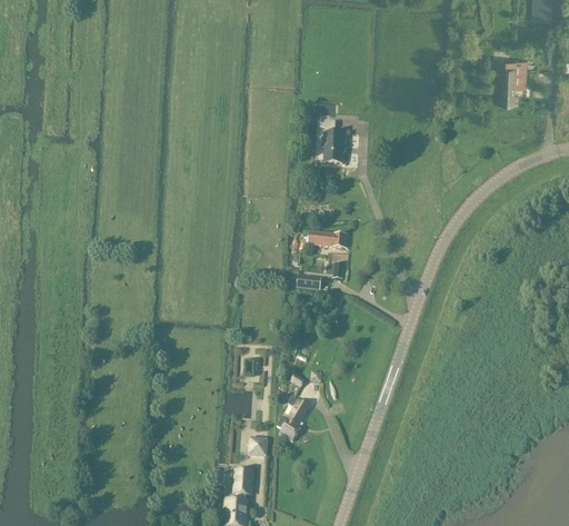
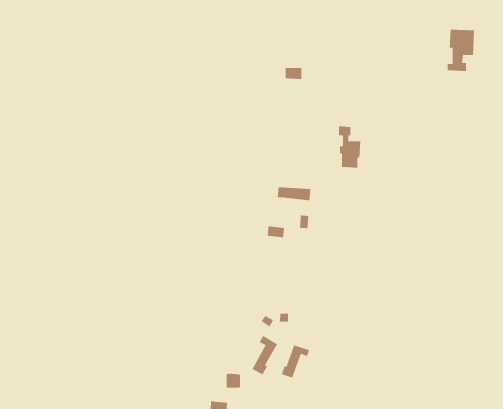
building: [320,117,346,163] -> [338,126,361,168]
building: none -> [281,345,310,379]

